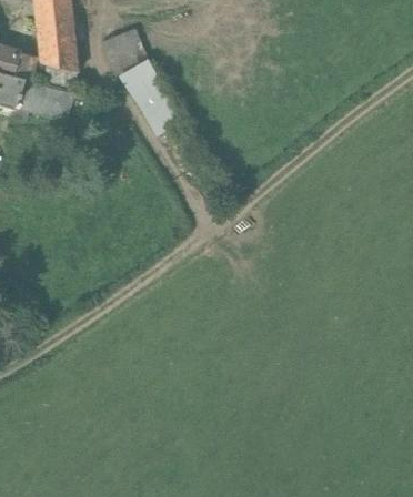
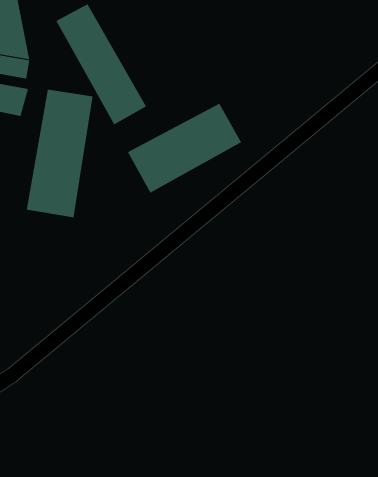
building: none -> [26,89,93,218]
building: none -> [127,103,242,194]

